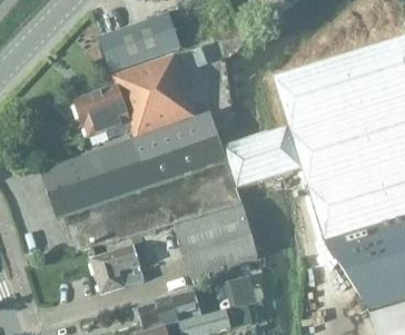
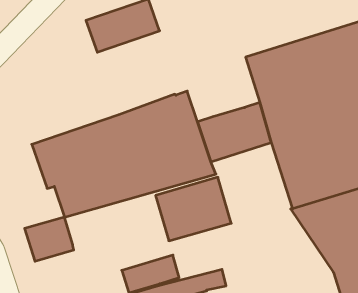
building: [75,45,208,138] -> none
building: [91,245,145,293] -> [25,217,74,261]
building: [224,274,258,308] -> none

